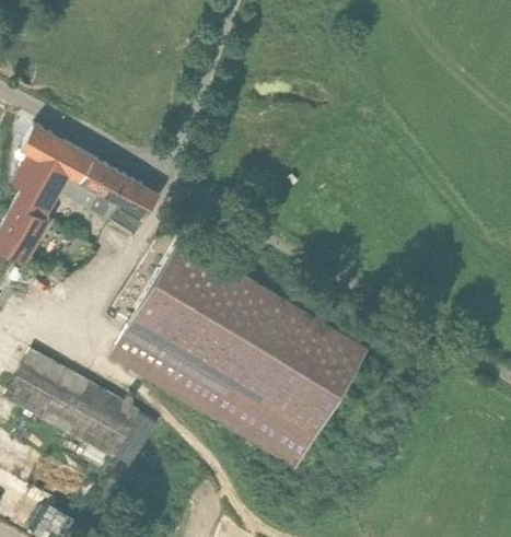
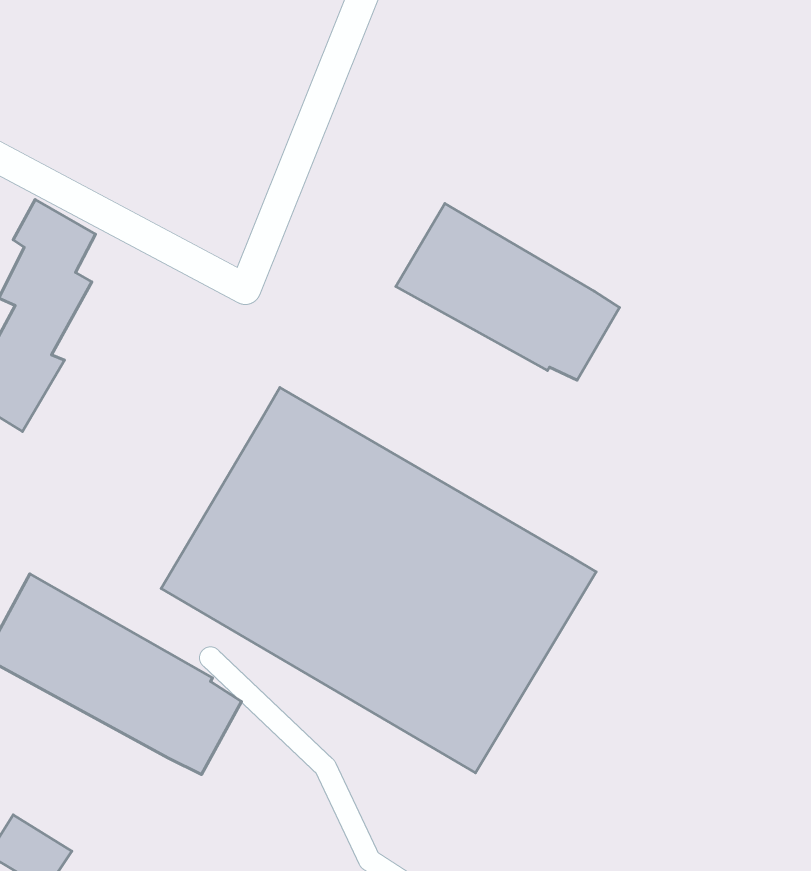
building: none -> [396,203,620,380]
building: [44,144,159,235] -> none

